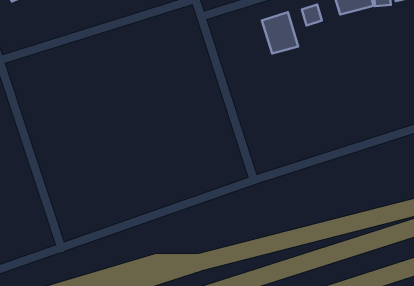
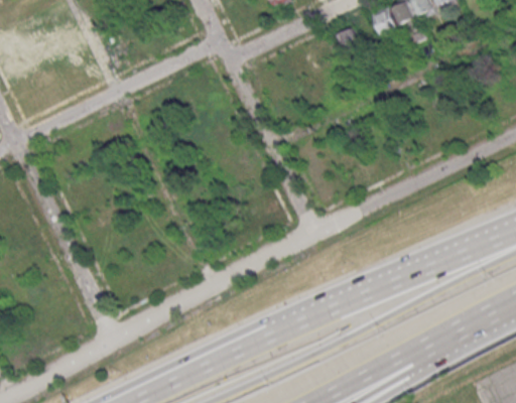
building: [262,12,298,54] -> none

